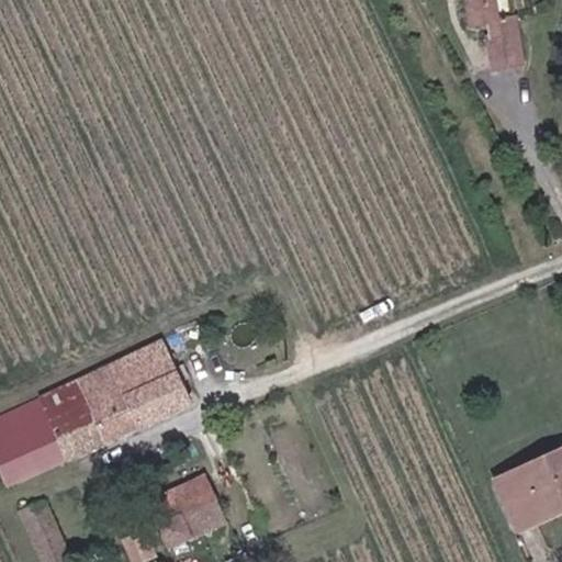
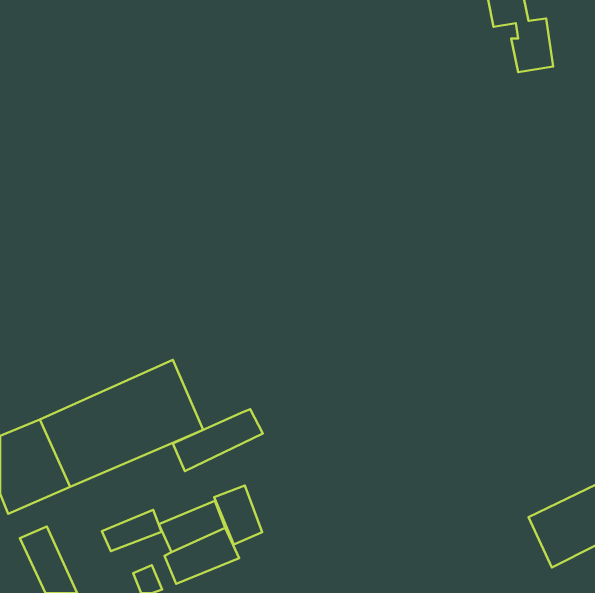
building: none -> [173,409,263,471]
building: none -> [214,485,262,545]
building: none -> [102,510,161,551]

